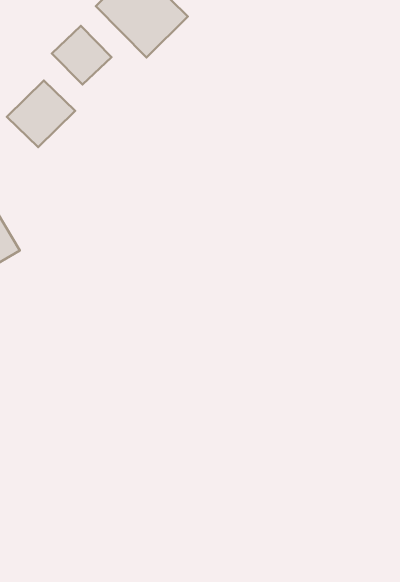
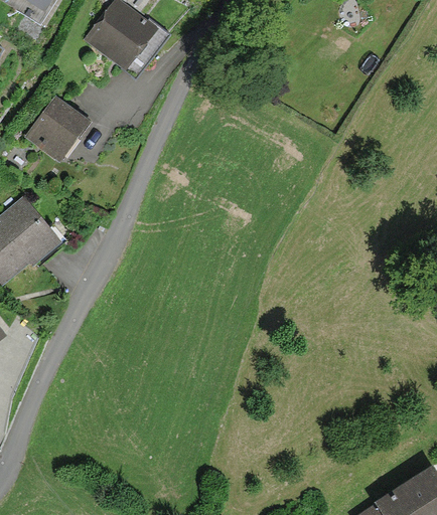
building: [52,26,112,85] -> none

